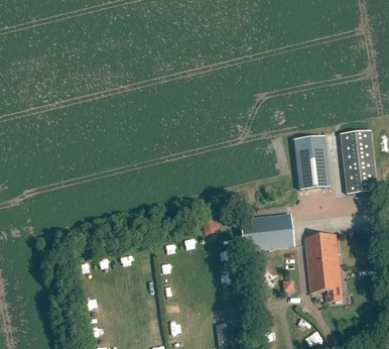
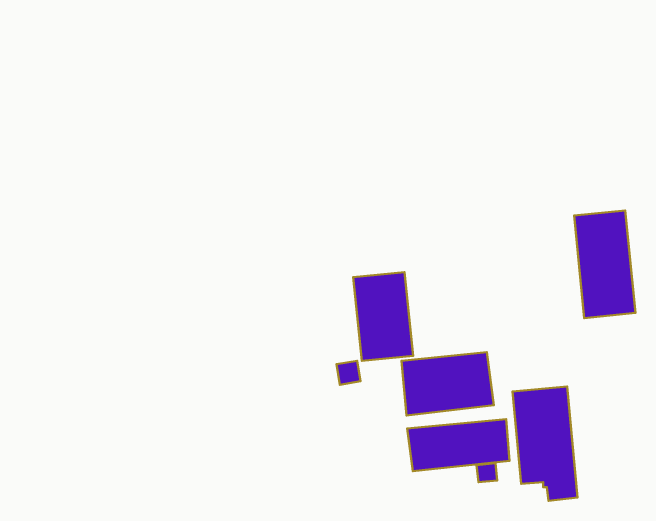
building: [294,136,330,189] -> [353,272,413,361]
building: none -> [407,419,509,471]

